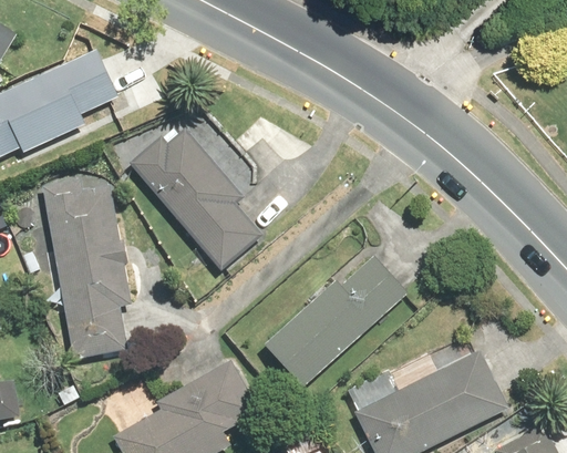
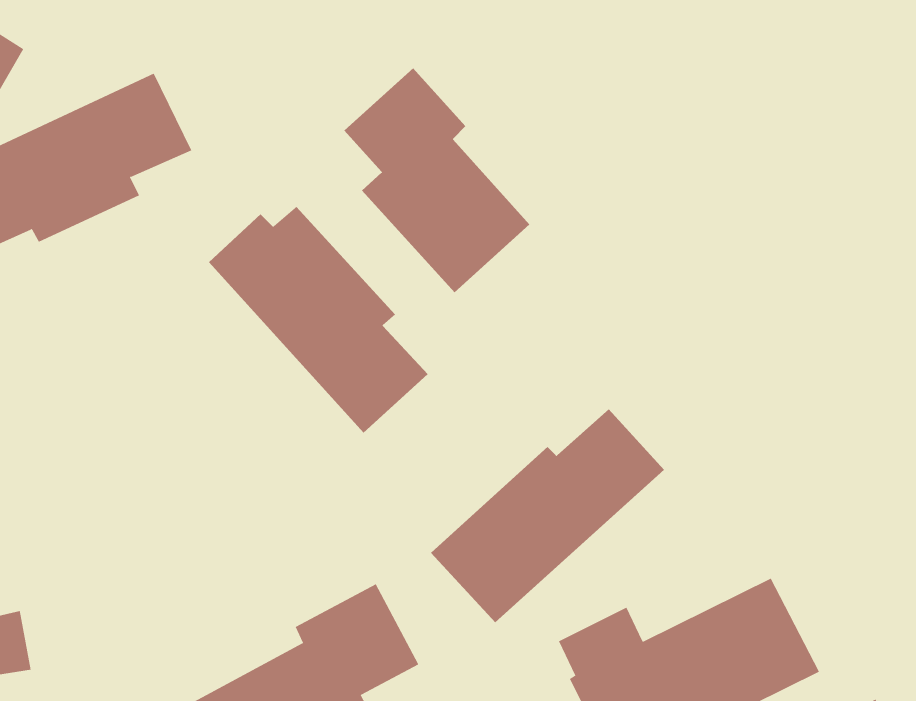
building: none -> [343,68,530,293]
building: [41,178,131,357] -> none

